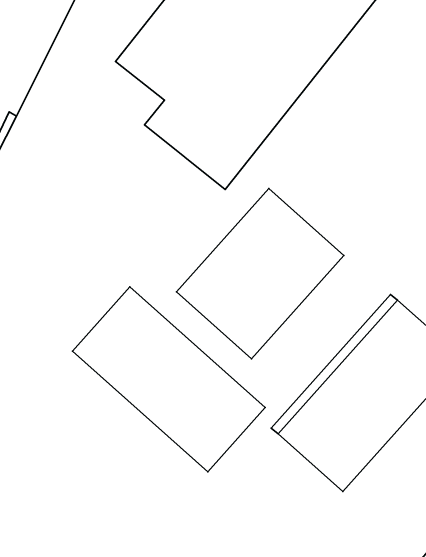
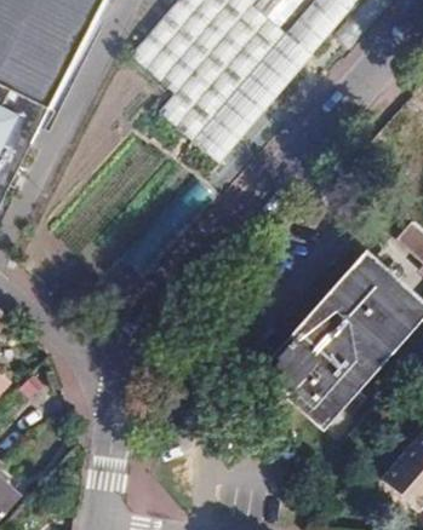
building: [176,188,344,359] -> none
building: [72,287,265,472] -> none

